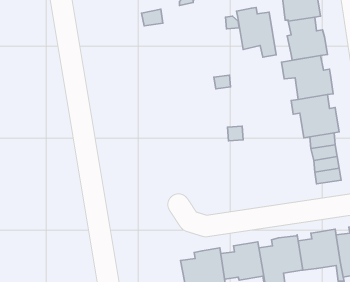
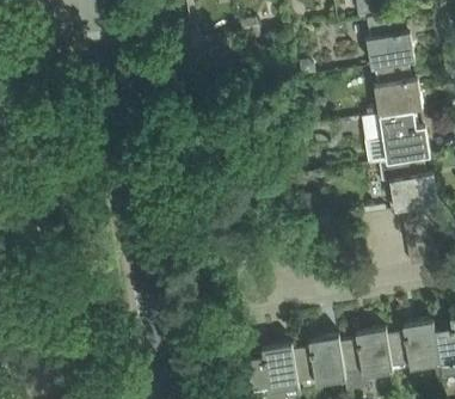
building: [237,7,276,57] -> none

